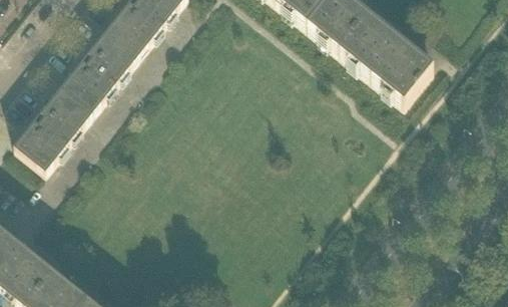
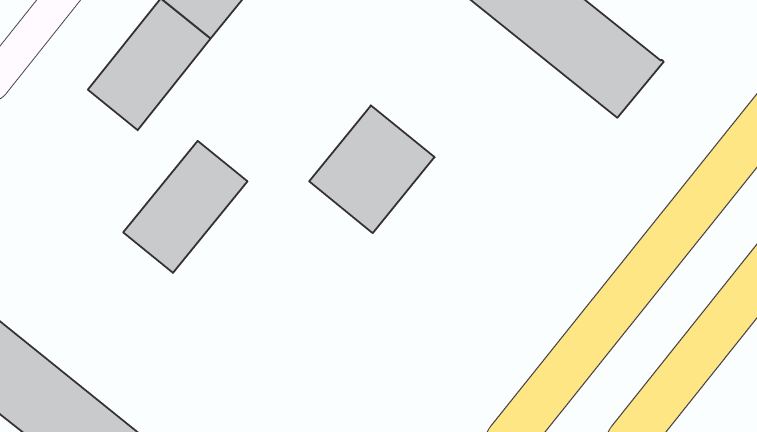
building: [16,82,96,168] -> [123,141,247,273]
building: none -> [309,105,435,233]

